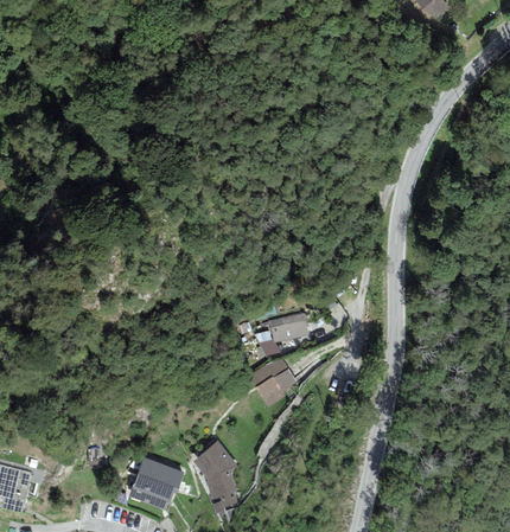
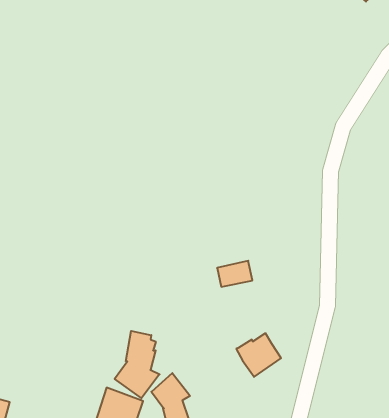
building: [248,357,299,406] -> [236,333,281,377]
building: none -> [115,331,160,398]

